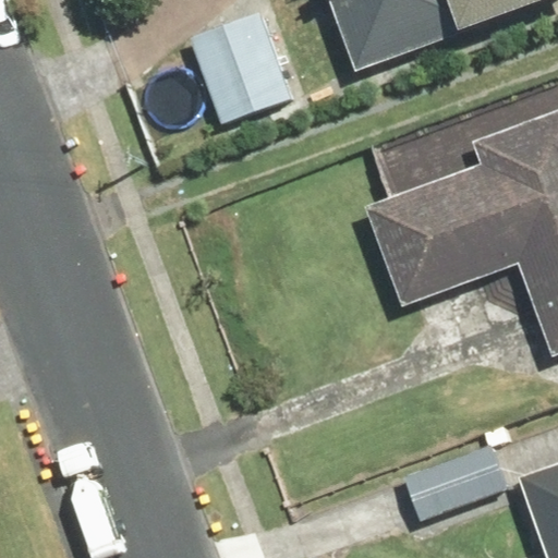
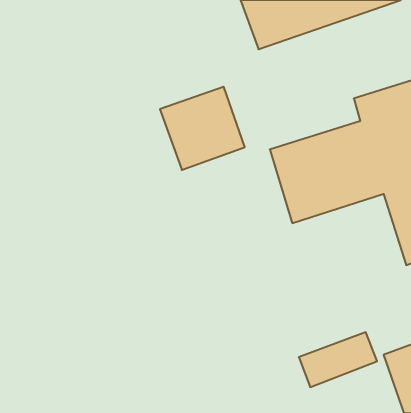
building: [187,10,302,122] -> [160,87,245,170]

